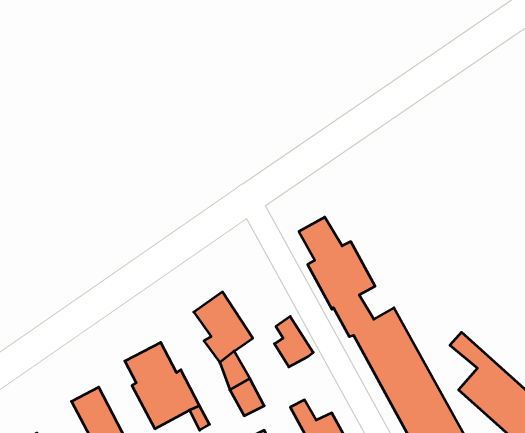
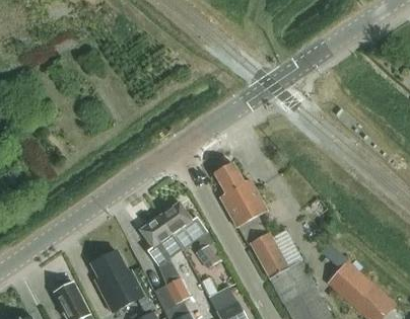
building: none -> [159,200,205,246]

